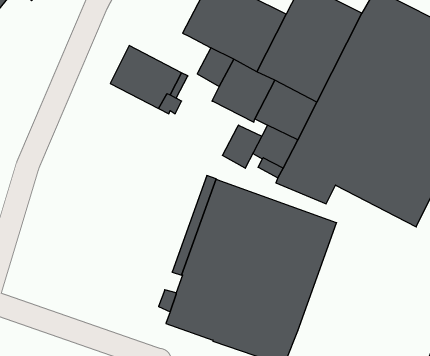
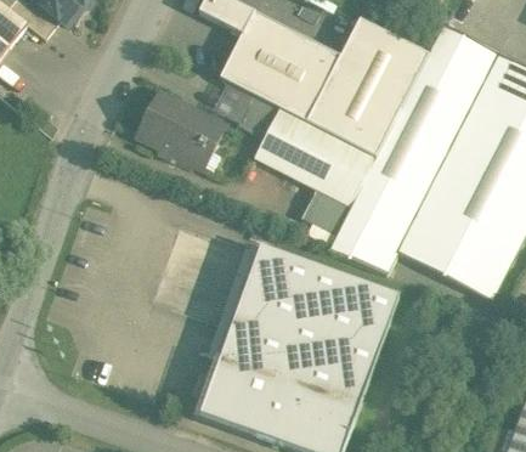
building: none -> [214,78,254,119]
building: [222,125,262,168] -> none

